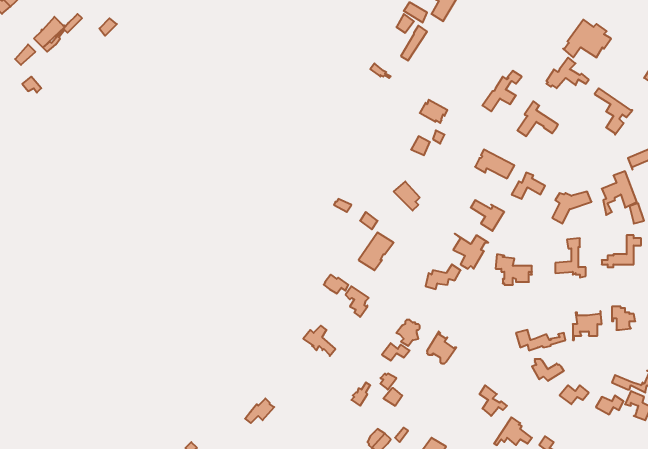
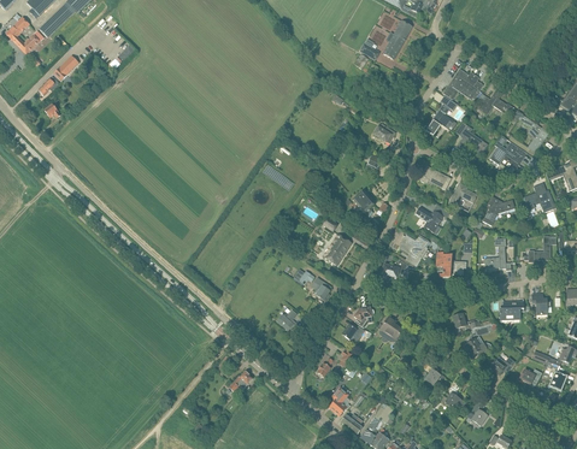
building: [563,20,611,57] -> [443,67,483,99]
building: none -> [490,134,526,165]

